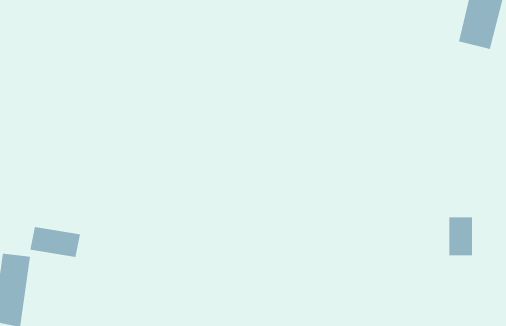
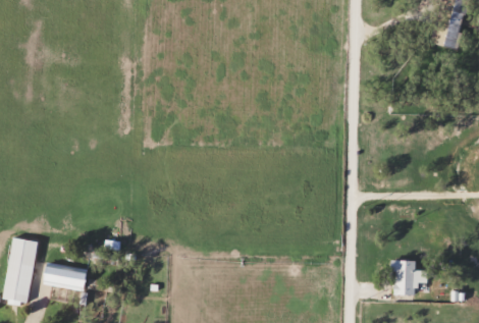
building: [448,217,473,256] -> [392,260,415,295]
building: [30,227,81,258] -> [42,262,89,290]

